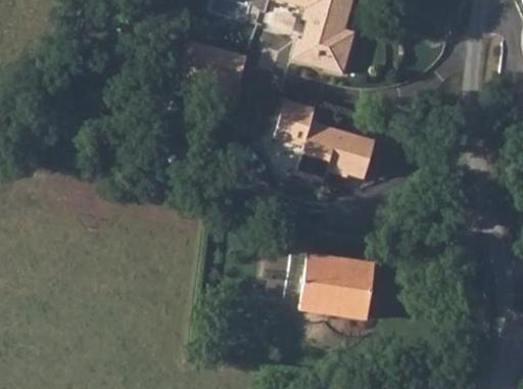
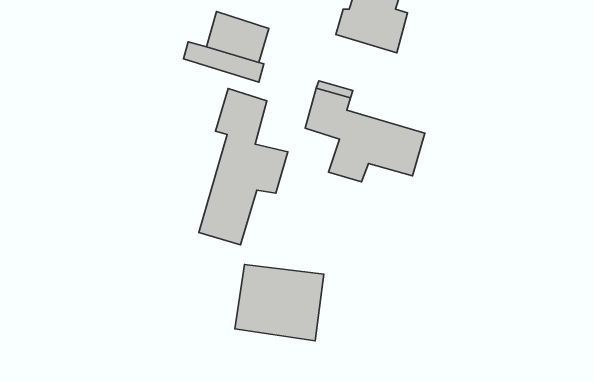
building: none -> [199,89,288,245]
building: [304,250,379,314] -> [235,264,324,341]

